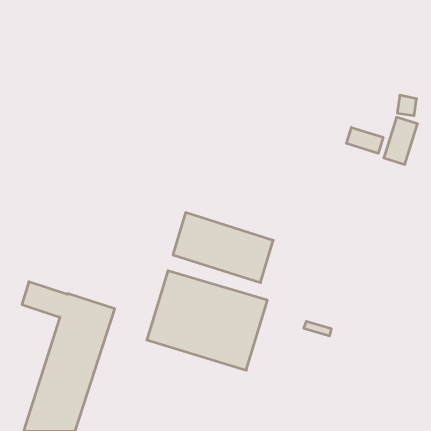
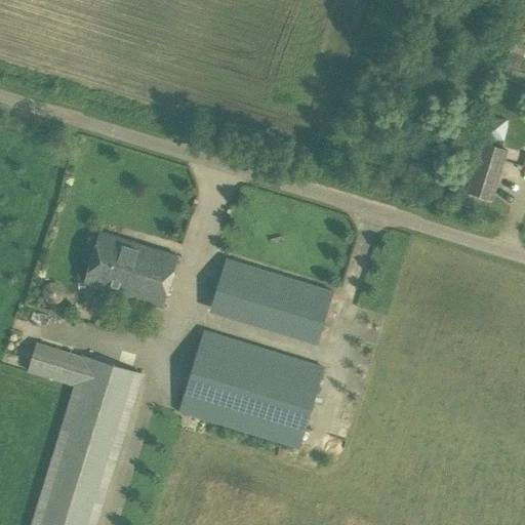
building: [346,127,383,153] -> none
building: none -> [84,232,177,307]

